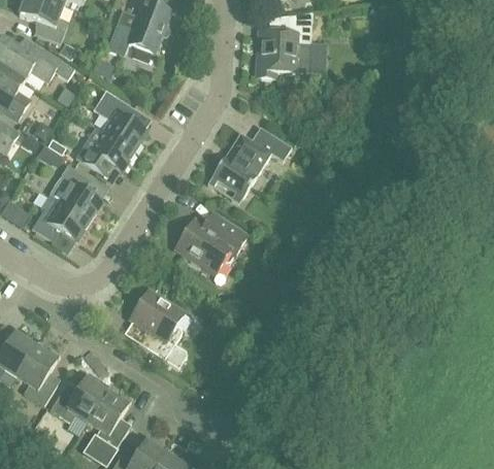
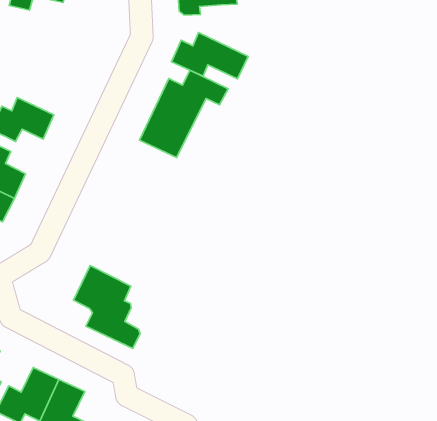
building: [96,90,146,152] -> none
building: none -> [172,33,248,79]
building: [175,217,245,273] -> none

